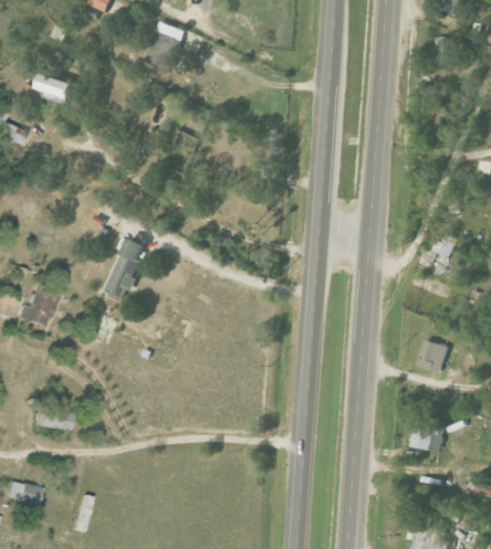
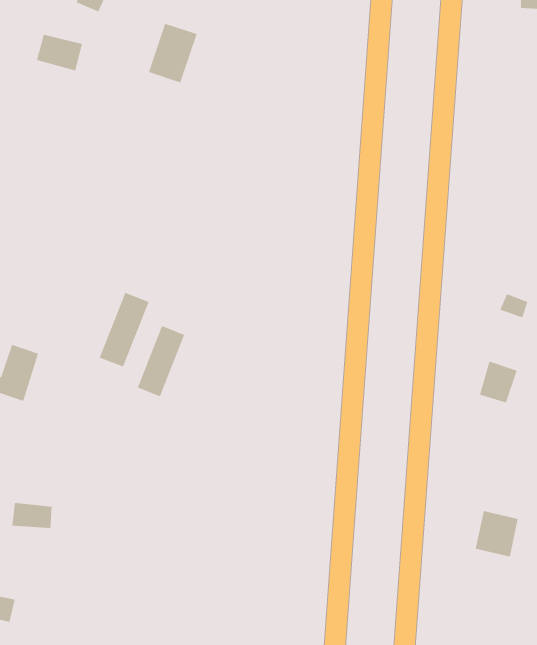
building: [34,75,72,105] -> [36,34,83,71]
building: none -> [137,325,185,397]
building: [417,339,448,373] -> [479,361,517,403]

